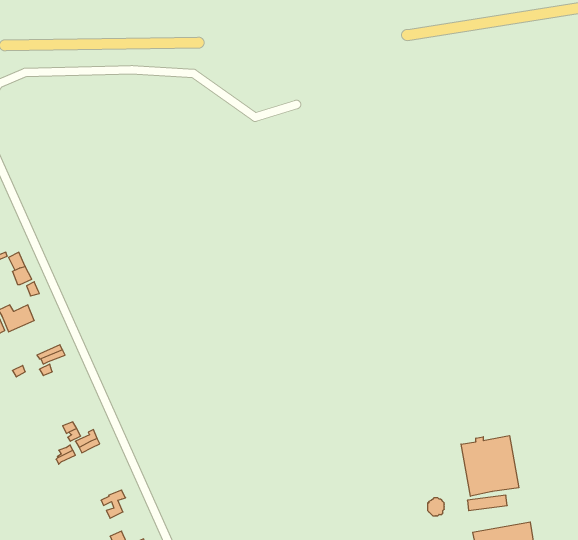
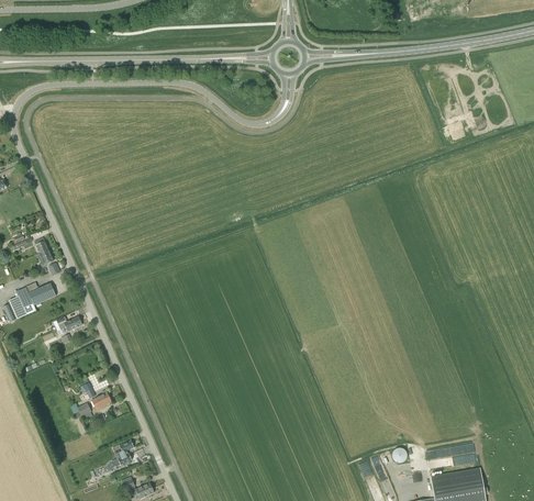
building: [461,436,519,496] -> none

